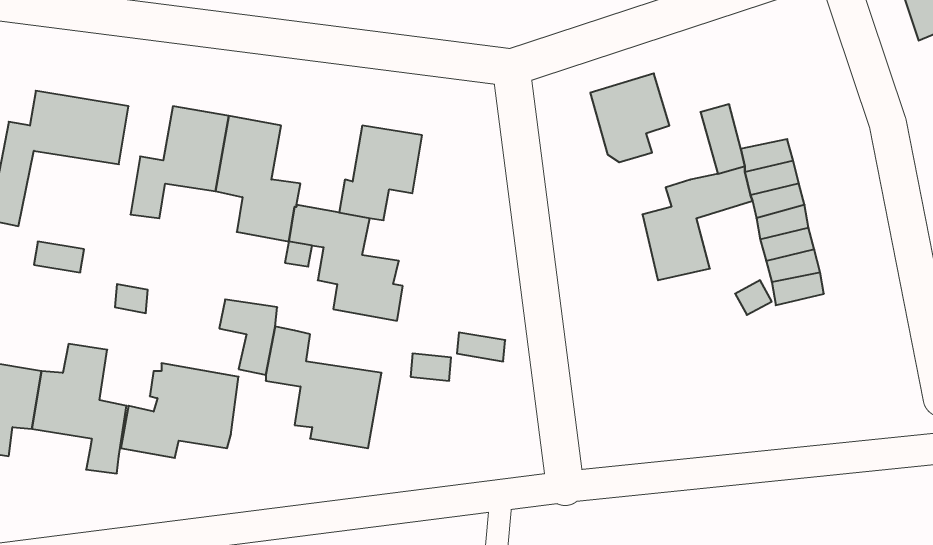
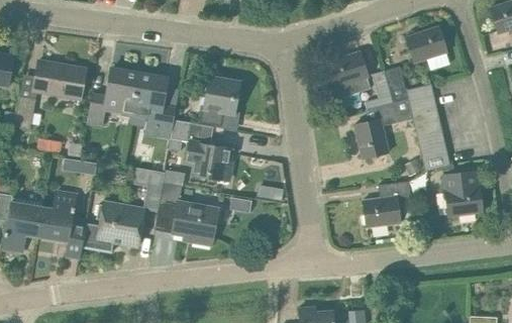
building: none -> [407,25,448,63]
building: none -> [366,71,395,110]
building: none -> [444,171,483,216]
building: none -> [365,181,413,228]

